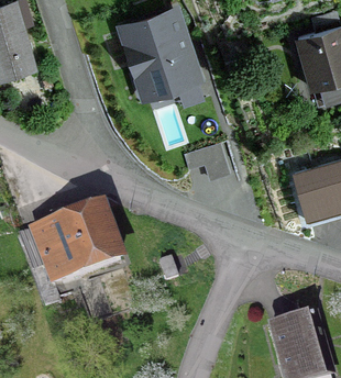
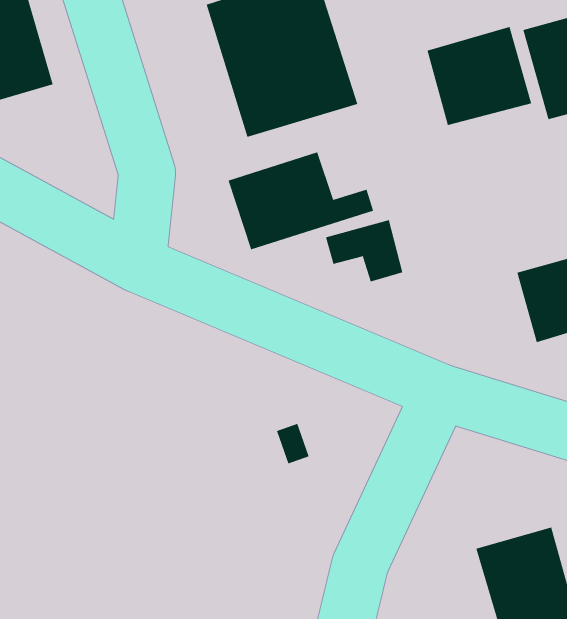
building: none -> [427,26,532,126]
building: none -> [228,152,374,250]
building: [16,210,118,311] -> none

